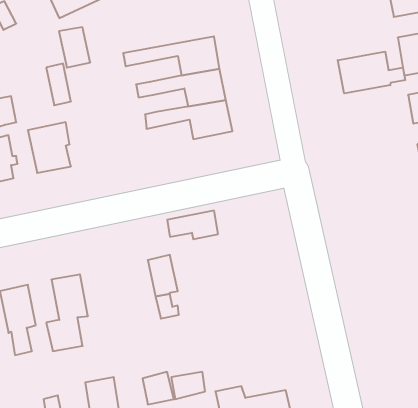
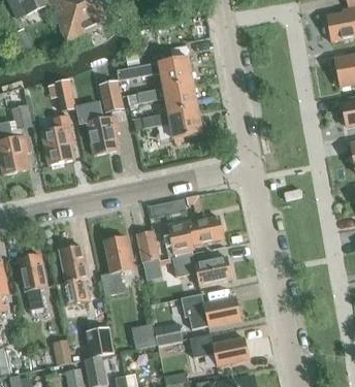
building: [59,27,90,68] -> [98,79,123,111]
building: [338,52,405,93] -> none
building: none -> [86,115,120,155]
building: none -> [168,215,223,245]
building: none -> [100,234,132,295]
building: none -> [171,252,232,285]
building: none -> [180,292,240,327]

